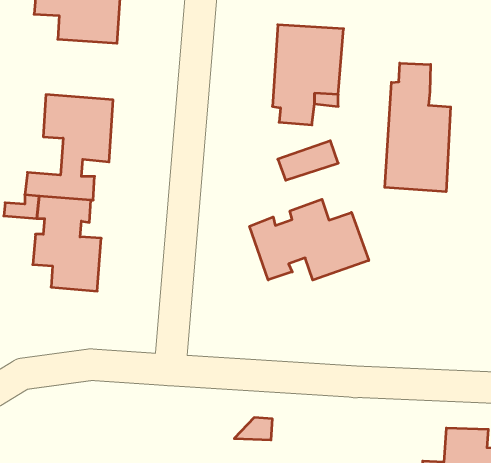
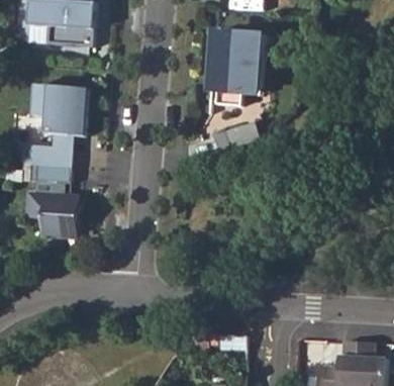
building: [385,63,451,192] -> none
building: [250,199,369,280] -> none

